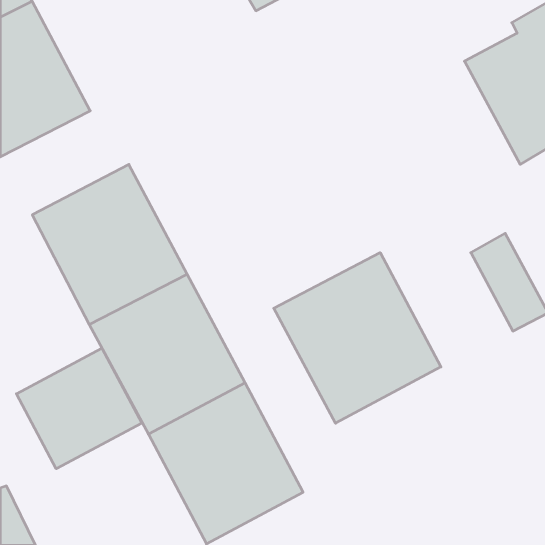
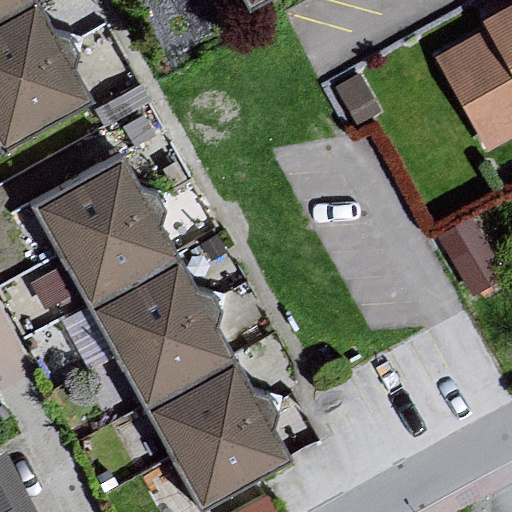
building: [274,253,441,423] -> none
building: [16,348,142,469] -> none

